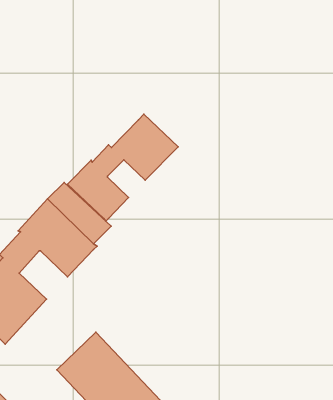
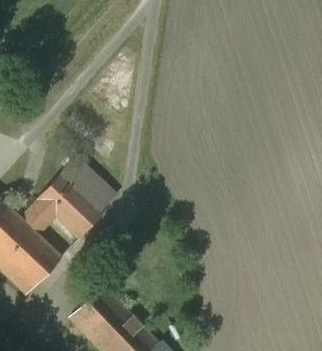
building: [67,114,178,221] -> none

